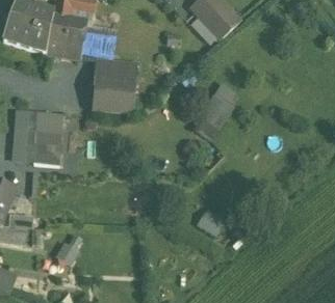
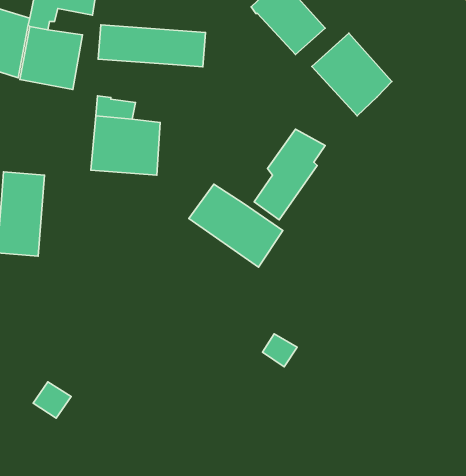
building: none -> [98,25,206,67]
building: none -> [312,33,392,116]
building: none -> [189,184,283,267]

